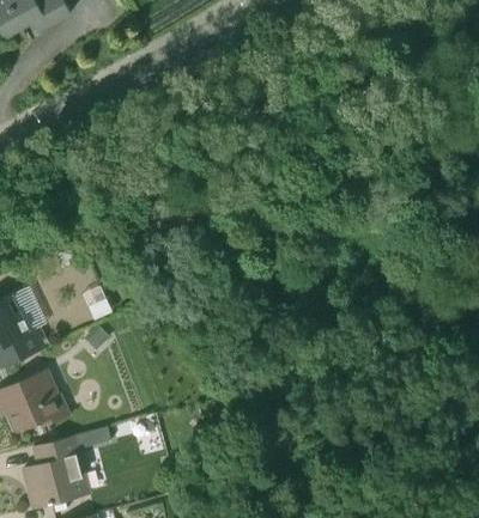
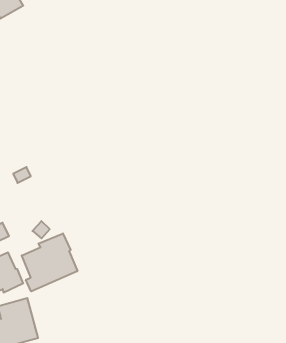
building: none -> [22,233,77,291]

